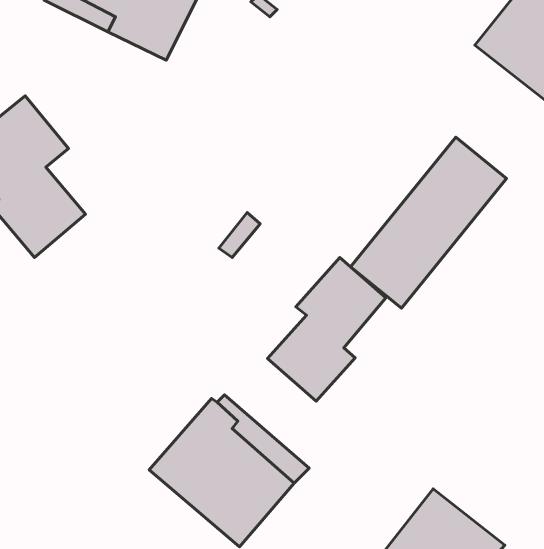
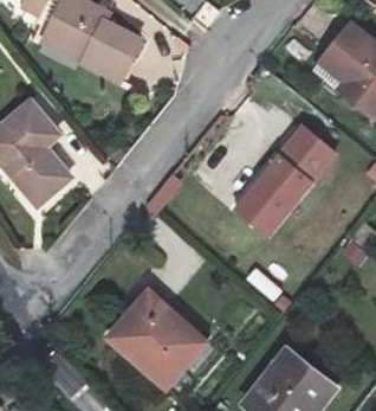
building: [267,258,386,401] -> none

